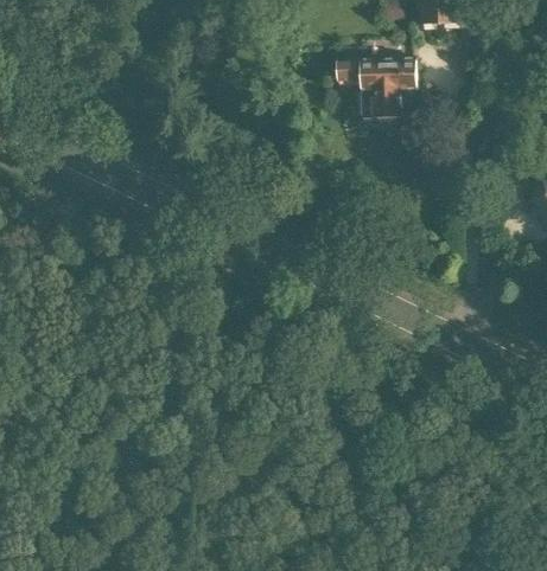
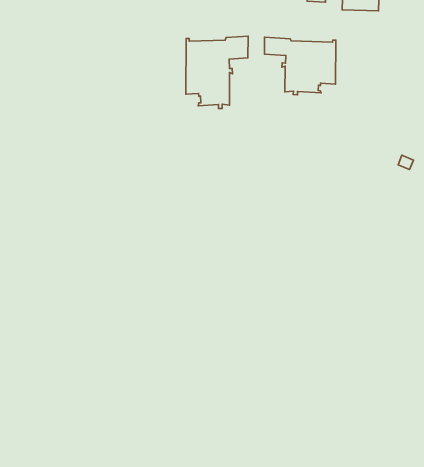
building: none -> [186,36,248,109]

